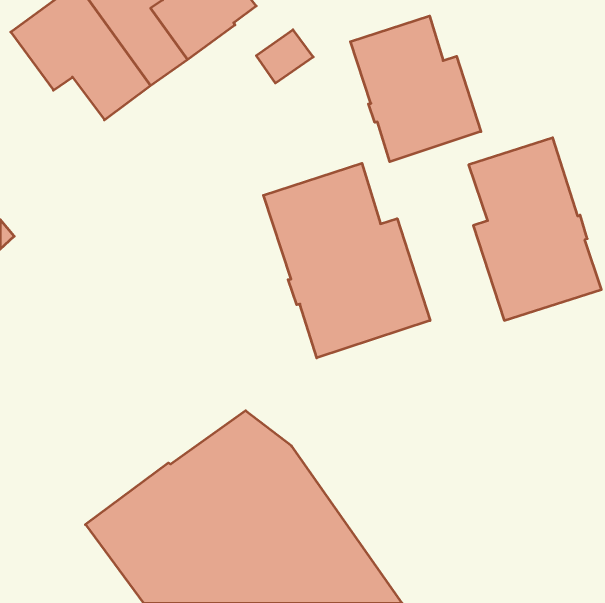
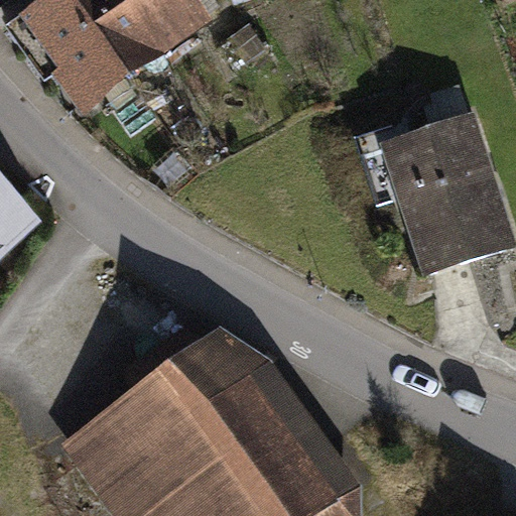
building: [350,16,481,162] -> none
building: [263,163,430,358] -> none

